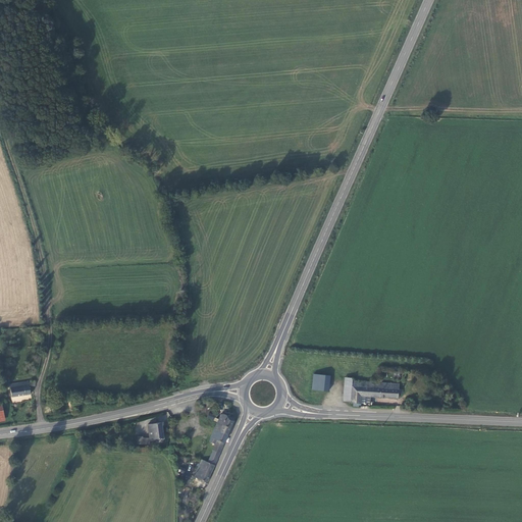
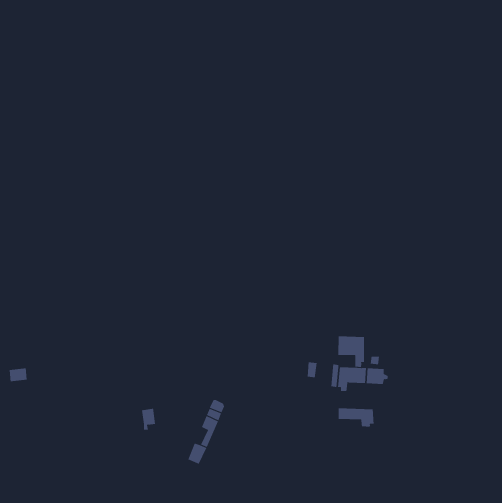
building: none -> [338,335,365,368]
building: none -> [338,408,374,427]

